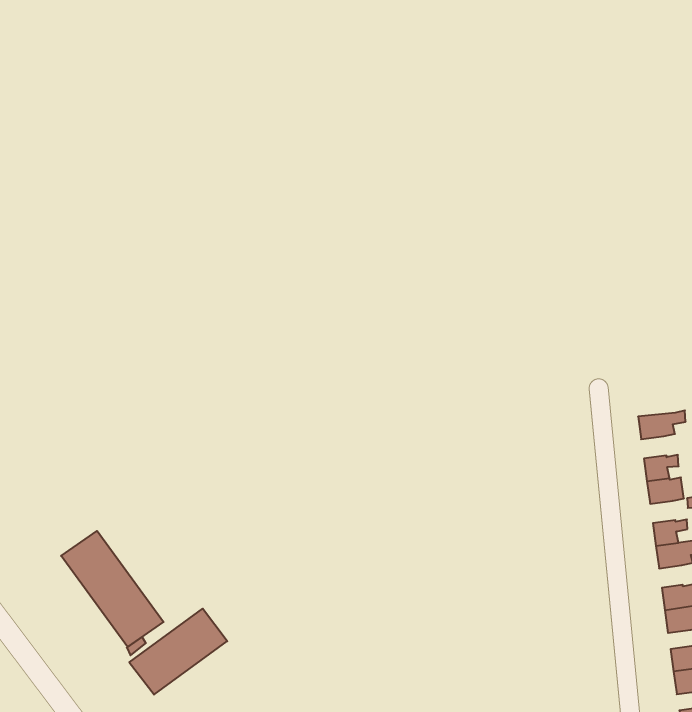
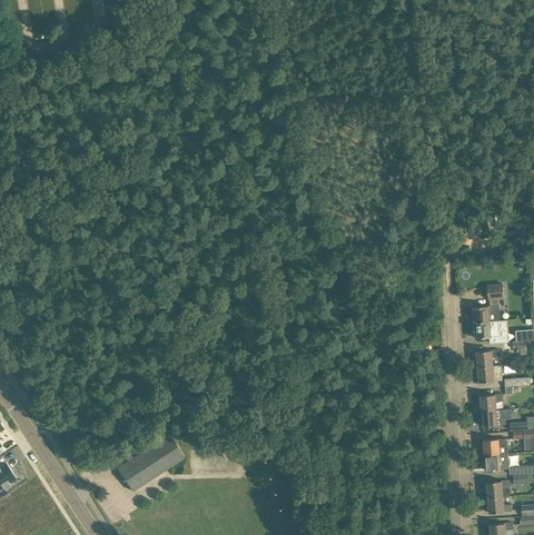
building: none -> [473,285,503,323]
building: [61,531,164,647] -> none

